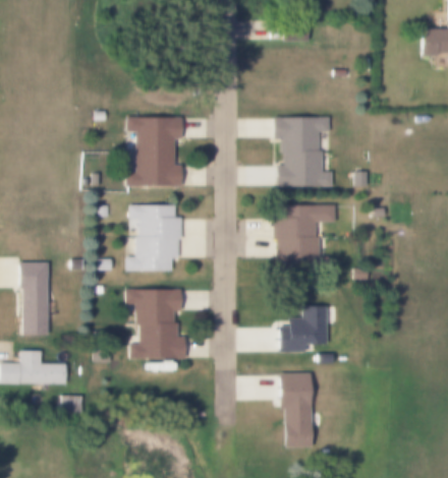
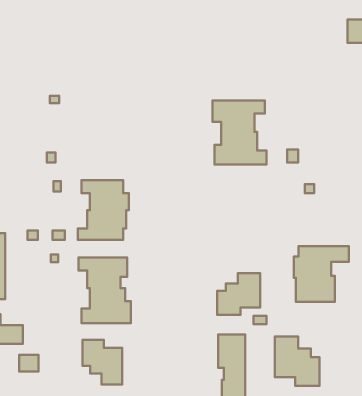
building: [128,116,182,186] -> none
building: [277,204,337,265] -> [294,246,349,302]
building: none -> [275,336,319,386]
building: none -> [82,340,122,384]

